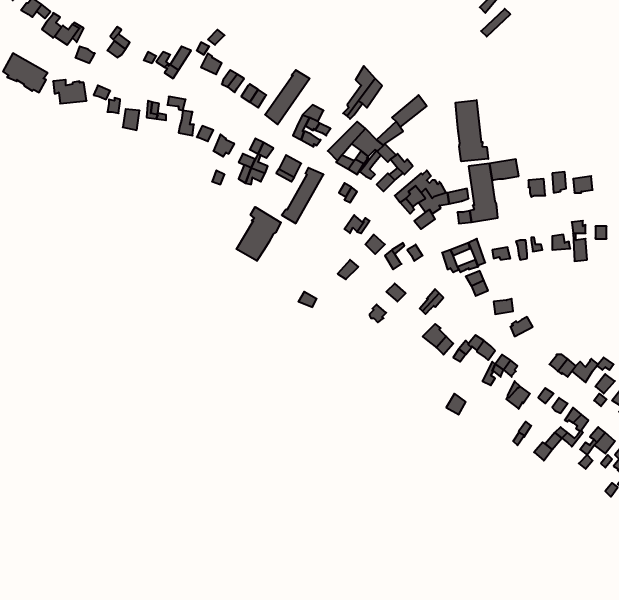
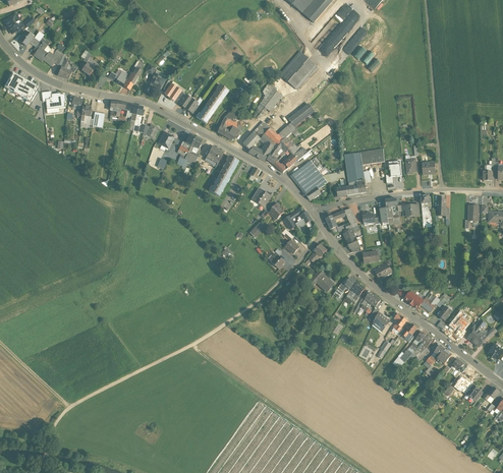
building: none -> [279,50,317,88]
building: [456,100,488,161] -> none
building: [236,207,281,261] -> none

